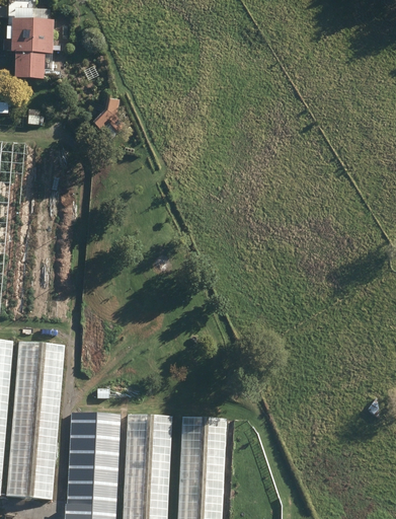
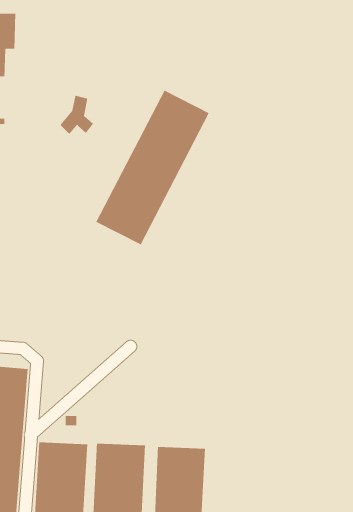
building: none -> [95,89,210,245]

